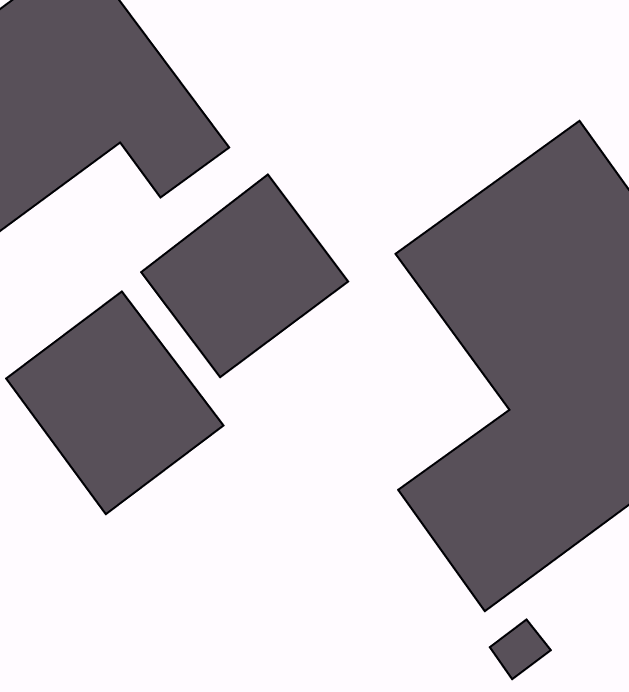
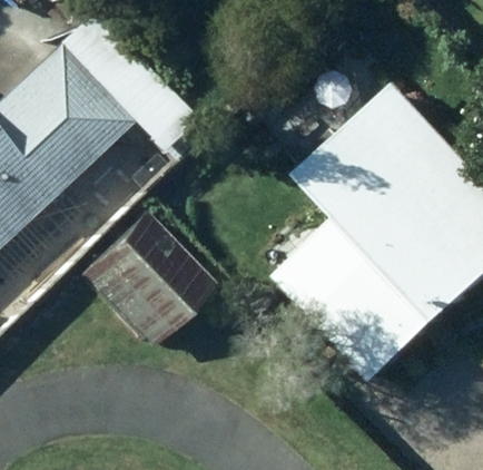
building: [141,175,348,377] -> none

